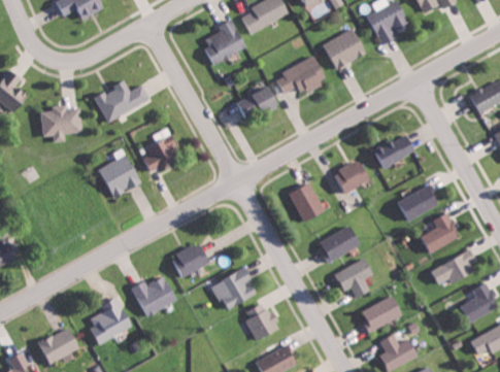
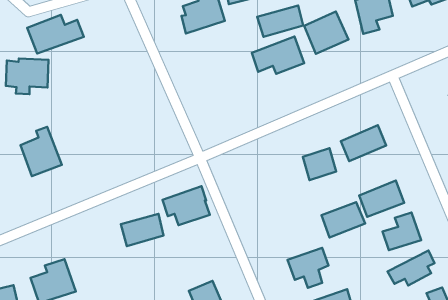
building: [94,81,149,122] -> [27,15,84,54]
building: [234,87,279,121] -> [257,6,303,37]
building: [140,128,179,172] -> none
building: [98,148,140,198] -> [21,127,62,176]
building: [289,183,325,223] -> none
building: [319,224,362,261] -> [321,202,365,237]
building: [209,267,257,307] -> [162,186,210,225]
building: [132,272,177,315] -> none

